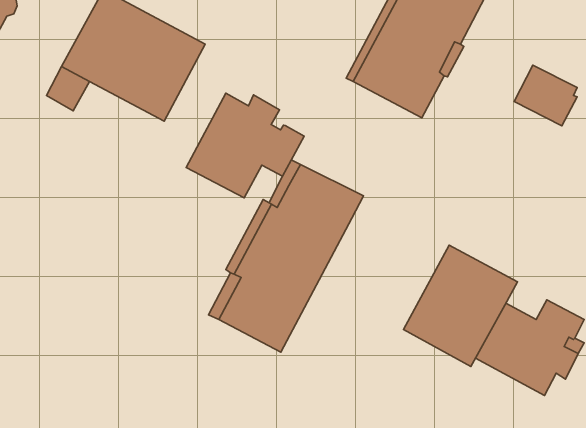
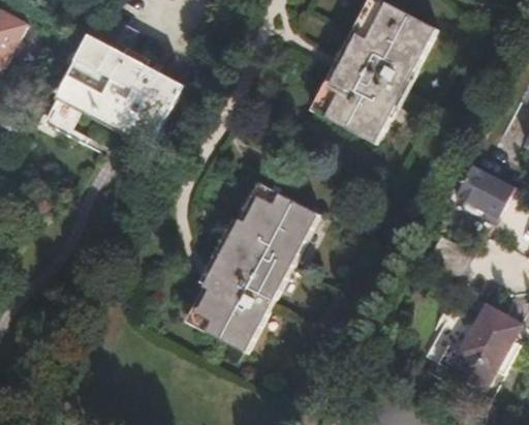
building: [514,65,577,126] -> [457,165,512,219]
building: [186,93,304,198] -> none
building: [403,245,517,367] -> none

